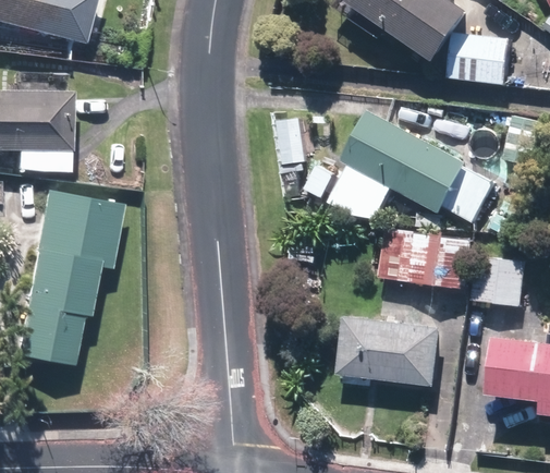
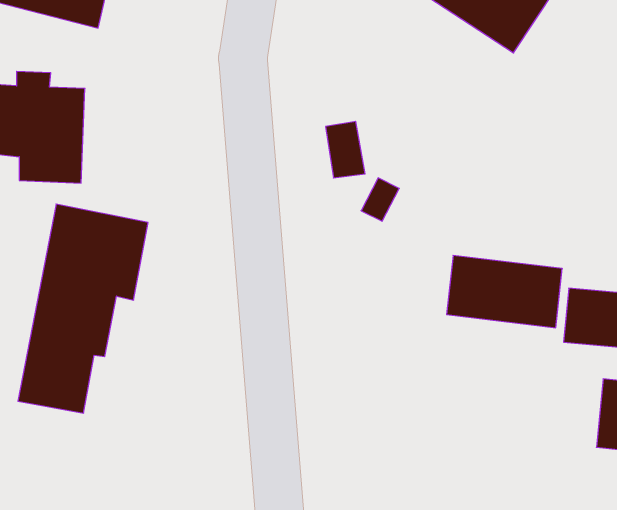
building: [448,34,509,85] -> none
building: [329,111,490,228] -> none
building: [345,317,445,383] -> none

